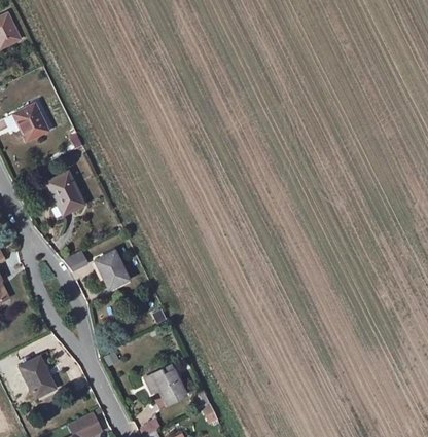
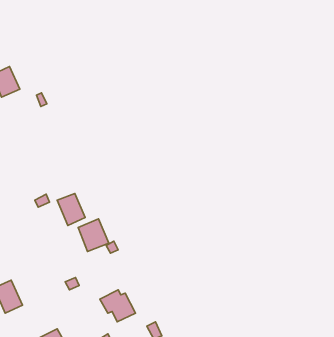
building: [48,172,84,212] -> none
building: none -> [78,219,109,251]

